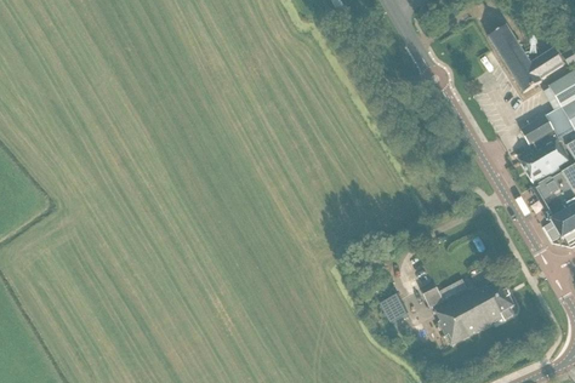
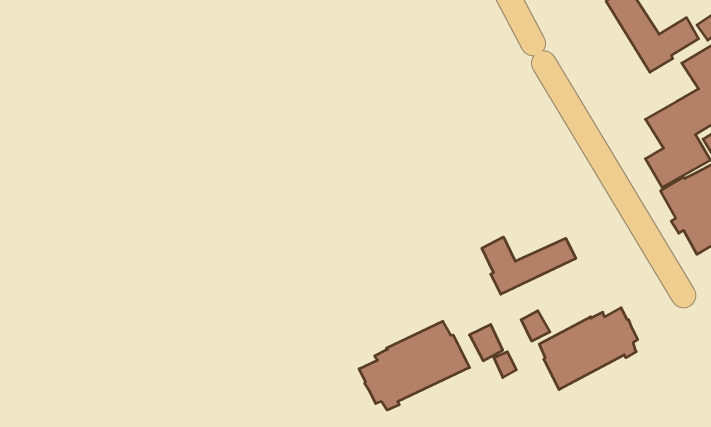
building: none -> [482,237,576,294]
building: none -> [359,321,470,410]

